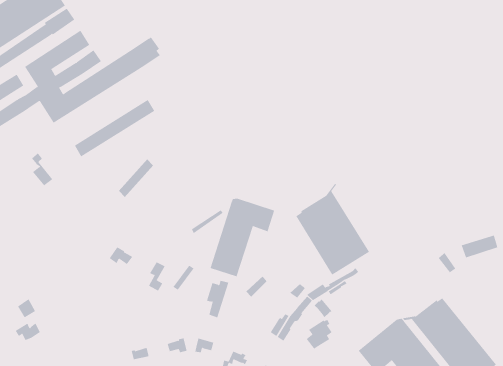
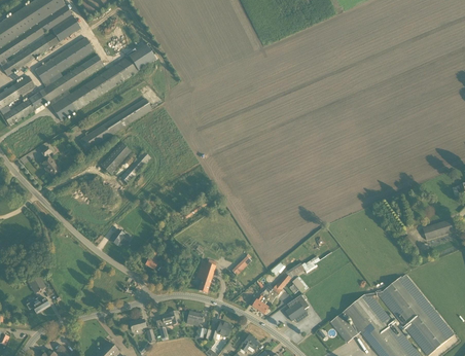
building: none -> [100,142,130,175]
building: [296,183,370,275] -> none
building: [210,198,275,277] -> none

